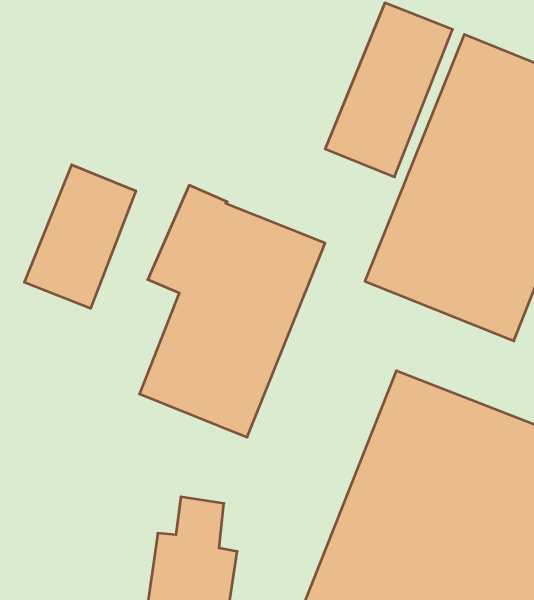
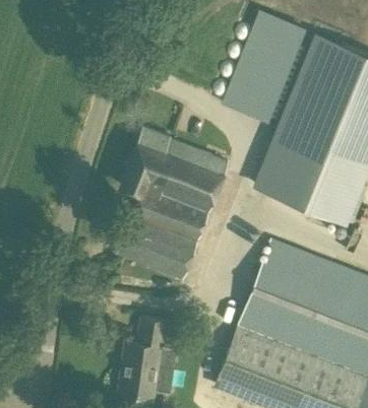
building: [24,165,136,308] -> none

